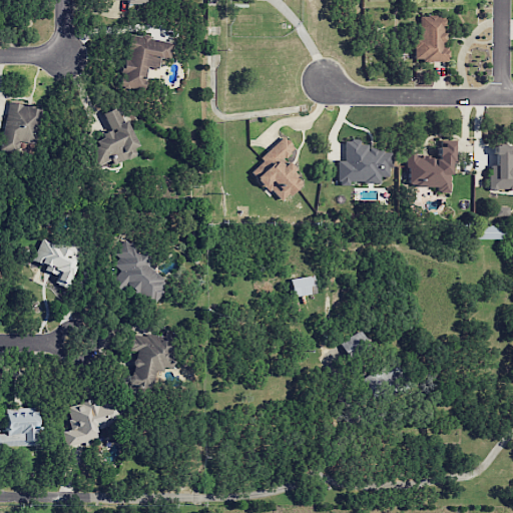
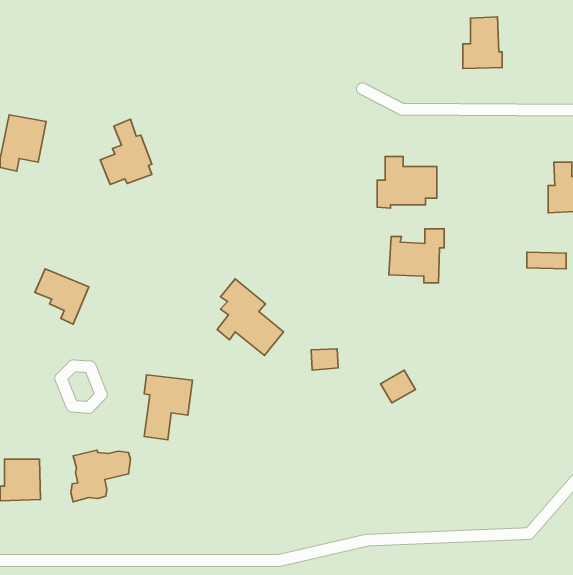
building: [121,34,174,90] -> none
building: [249,137,304,203] -> none
building: [406,144,455,192] -> [389,229,444,283]
building: [111,237,170,306] -> [217,279,284,355]
building: [292,277,316,296] -> [311,349,338,370]

